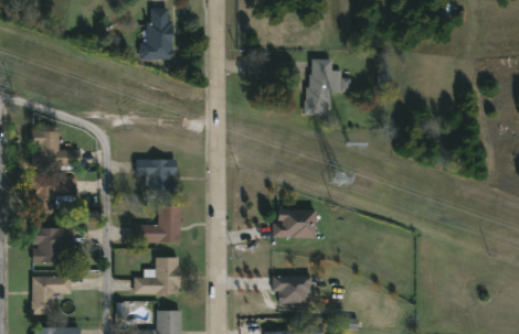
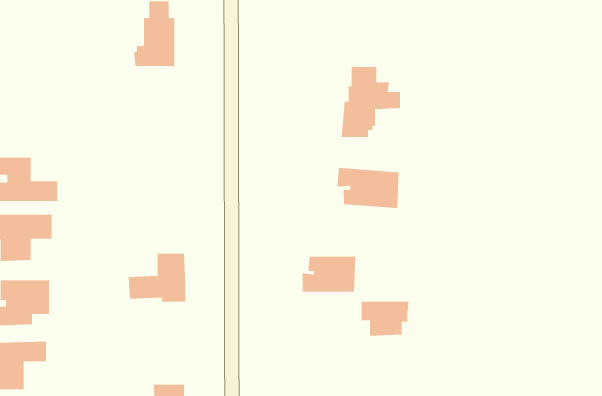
building: none -> [337,167,399,209]
building: [136,159,177,194] -> none
building: [133,257,179,294] -> none
building: [273,276,311,303] -> [361,301,410,336]

